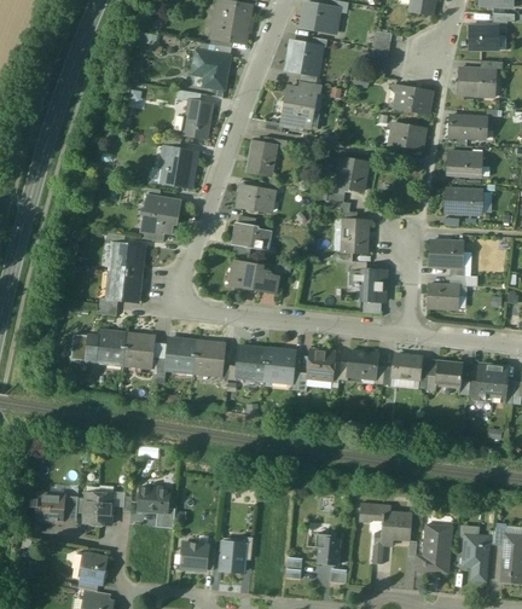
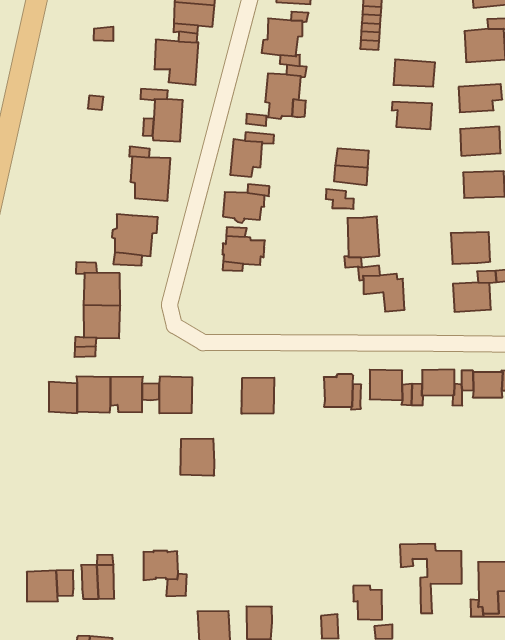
building: [231,262,278,294] -> none
building: [193,342,225,376] -> [180,439,214,475]
building: [263,349,295,383] -> none

